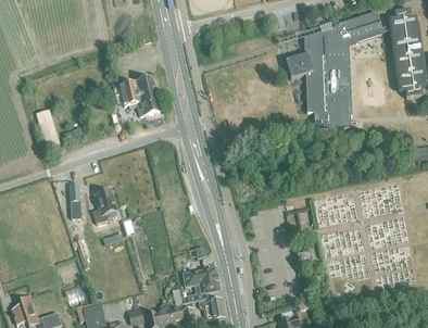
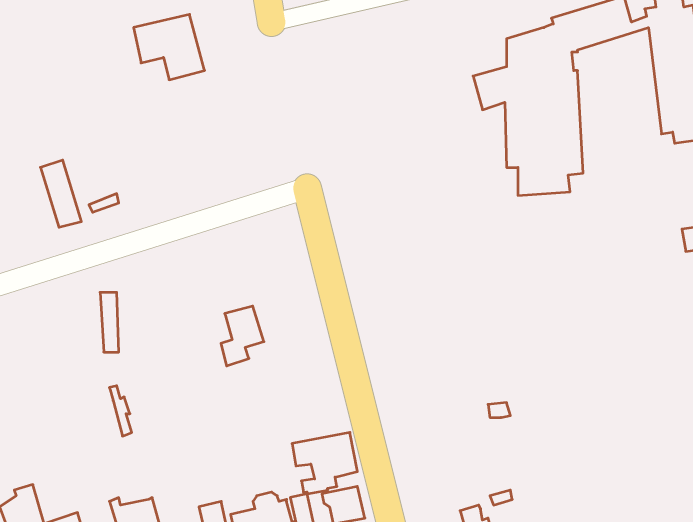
building: [119,77,161,115] -> [134,14,205,80]
building: [92,189,117,224] -> [221,306,264,366]

